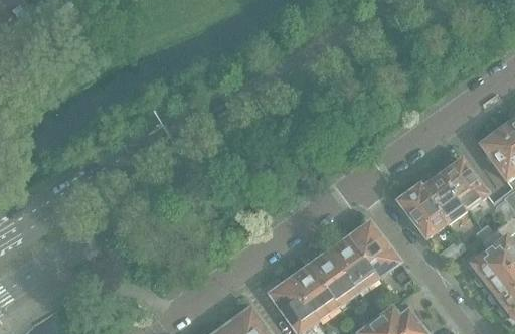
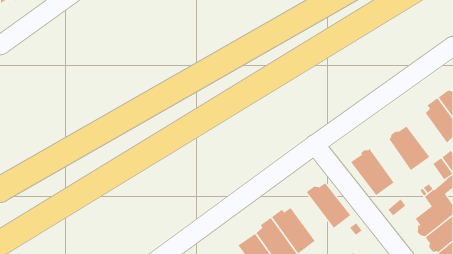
building: [419,174,466,223] -> none
building: [330,234,378,290] -> none

